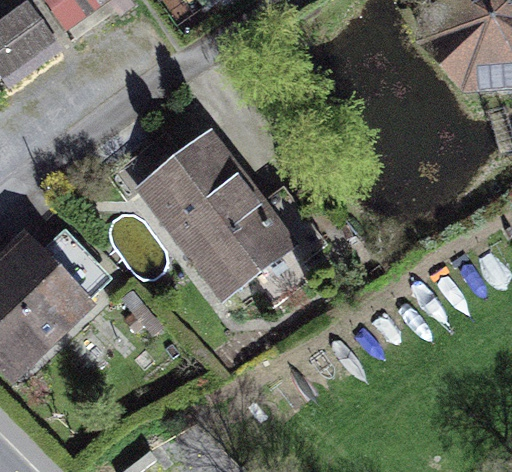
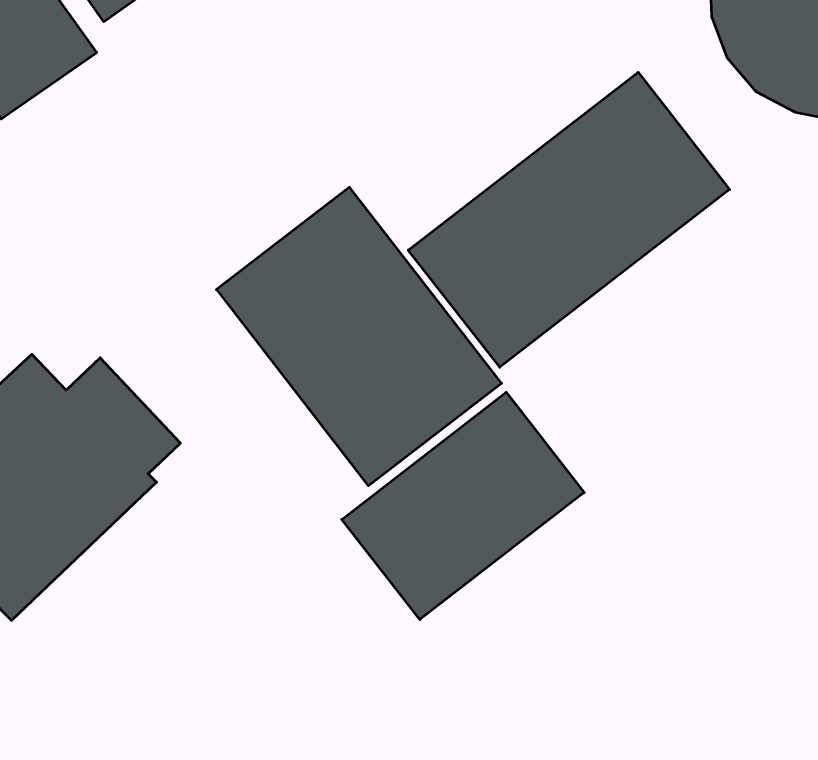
building: none -> [408,72,730,367]
building: none -> [342,392,584,620]

